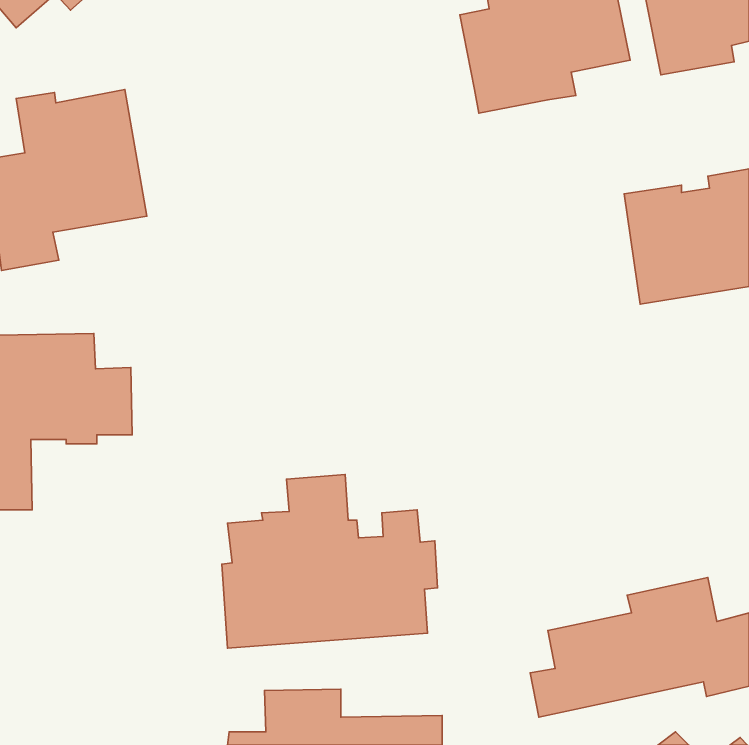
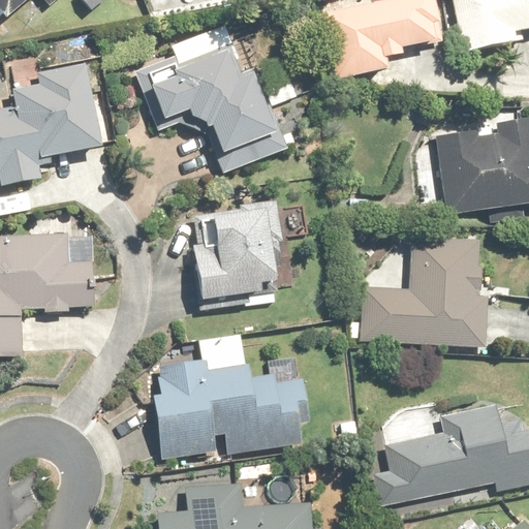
building: none -> [147,27,283,173]
building: none -> [196,204,283,306]
building: none -> [346,236,489,347]

